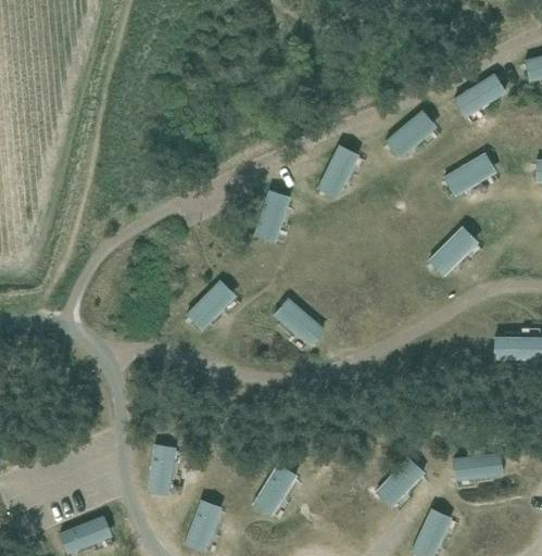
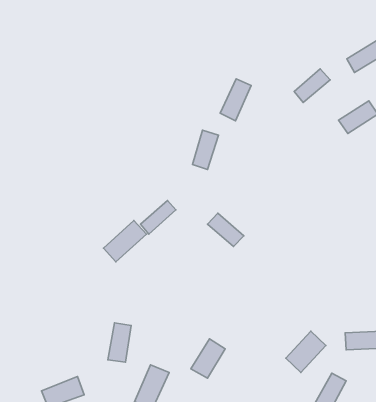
building: [318,148,358,202] -> [220,79,251,121]
building: [428,229,476,277] -> none
building: none -> [104,221,146,262]

